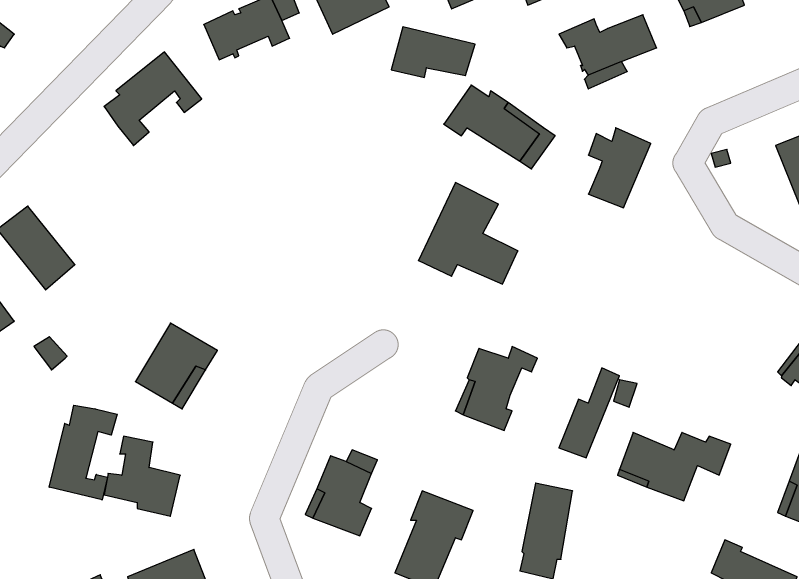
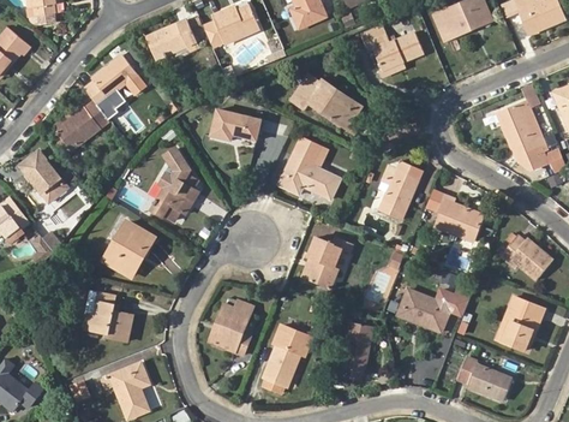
building: [391,27,475,77] -> [209,109,260,141]
building: none -> [54,101,108,150]
building: [588,128,651,208] -> [378,170,417,219]
building: none -> [151,148,198,219]
building: none -> [433,195,481,240]
building: [49,405,117,500] -> none

